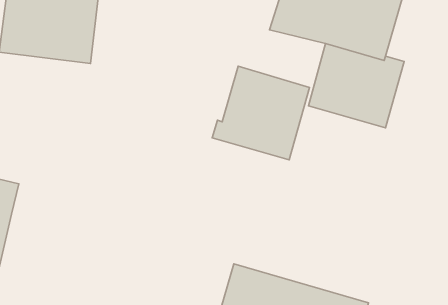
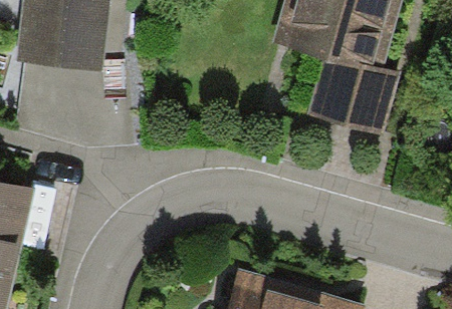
building: [212,66,310,160] -> none

